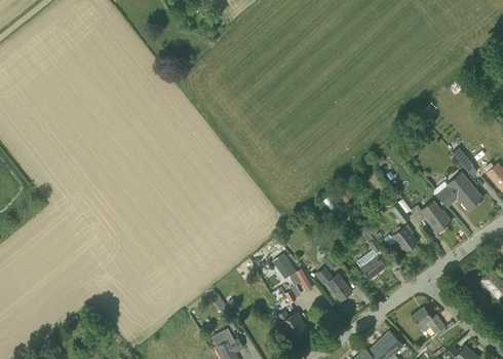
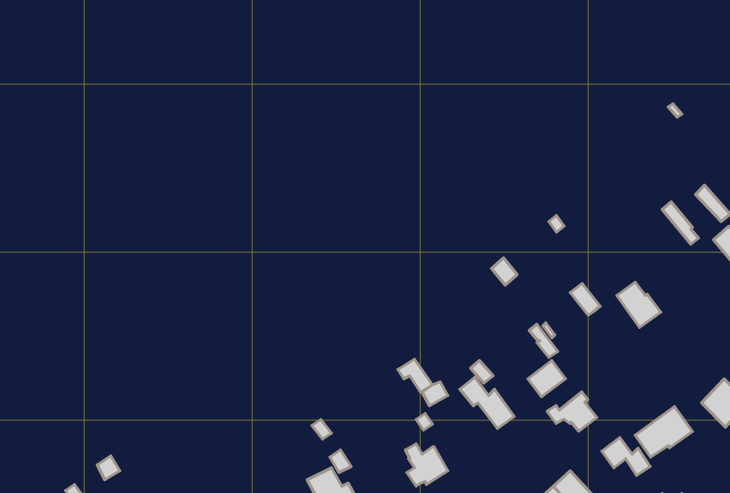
building: [437,174,482,210] -> none
building: [384,225,418,252] -> [547,392,597,431]
building: none -> [635,407,693,457]

